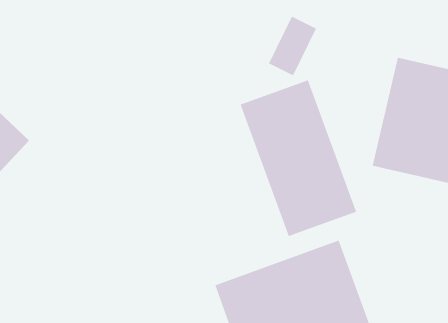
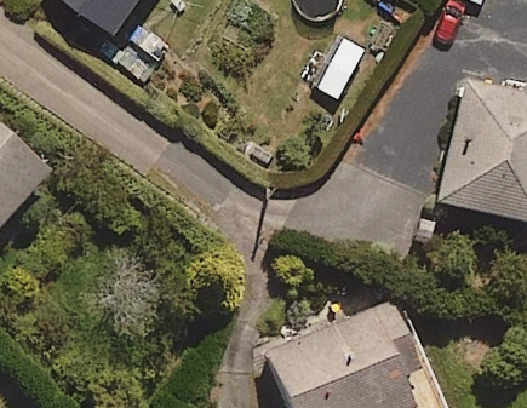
building: [240,79,357,237] -> none

